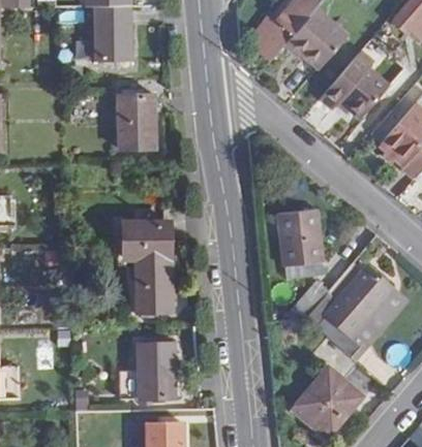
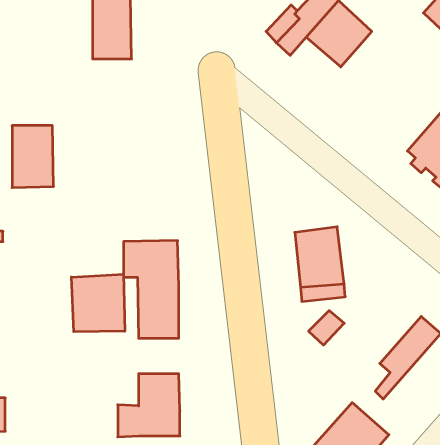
building: [318,36,388,118] -> none
building: [118,93,155,149] -> [12,126,54,188]
building: none -> [71,274,125,332]
building: [312,269,390,358] -> none

